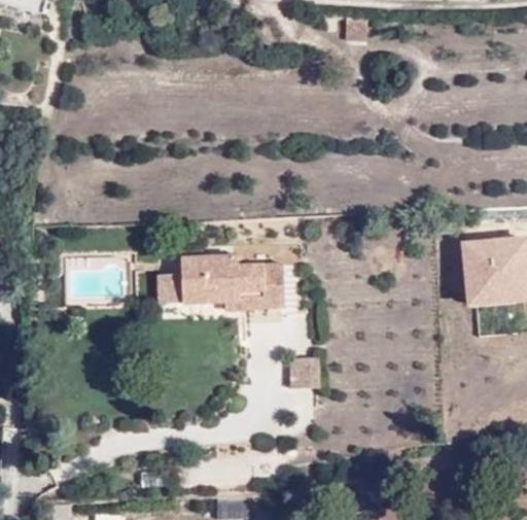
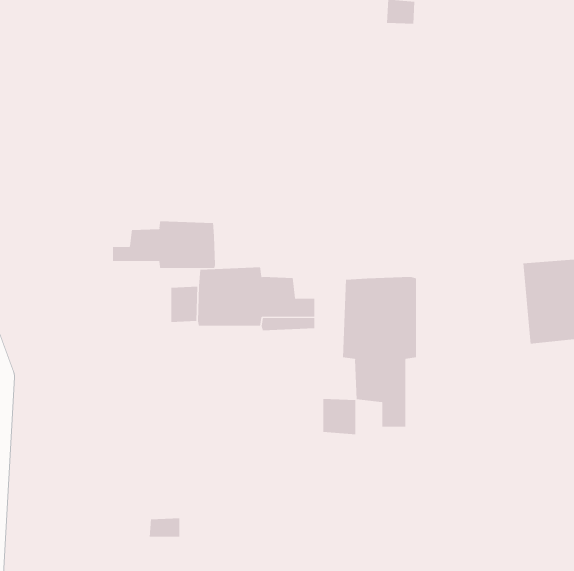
building: none -> [113,221,216,269]
building: none -> [343,276,416,428]

